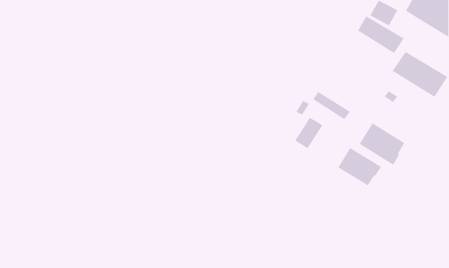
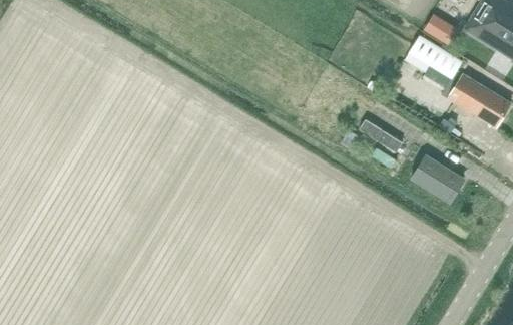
building: [295,117,323,149] -> none
building: [338,147,382,186] -> none

